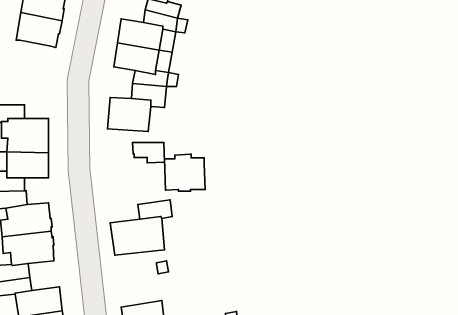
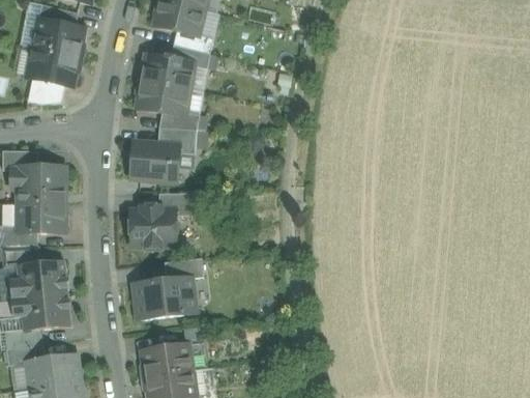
building: none -> [26,78,64,105]
building: [165,154,205,191] -> [129,205,175,247]
building: none -> [142,343,190,377]

